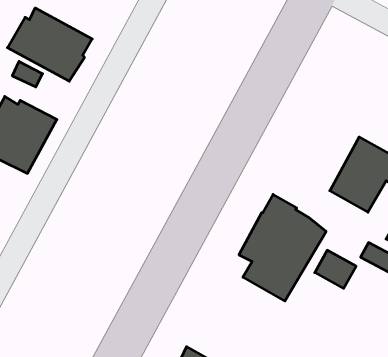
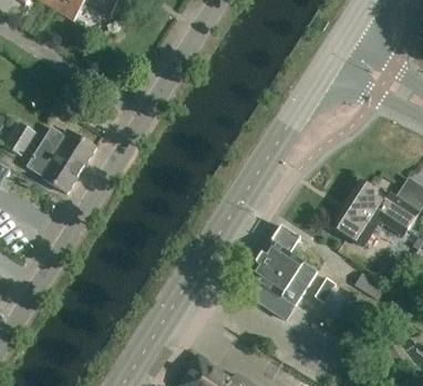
building: [7,8,92,81] -> none

